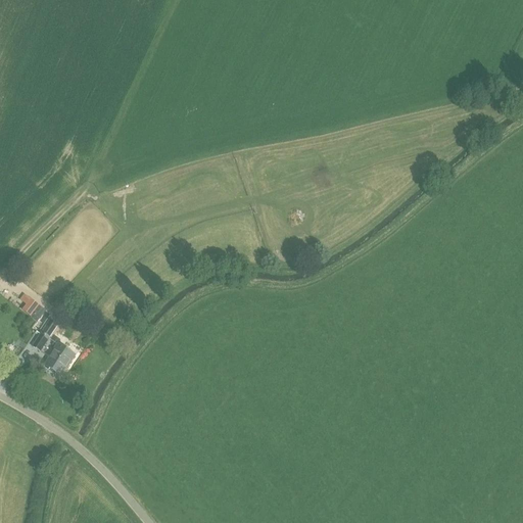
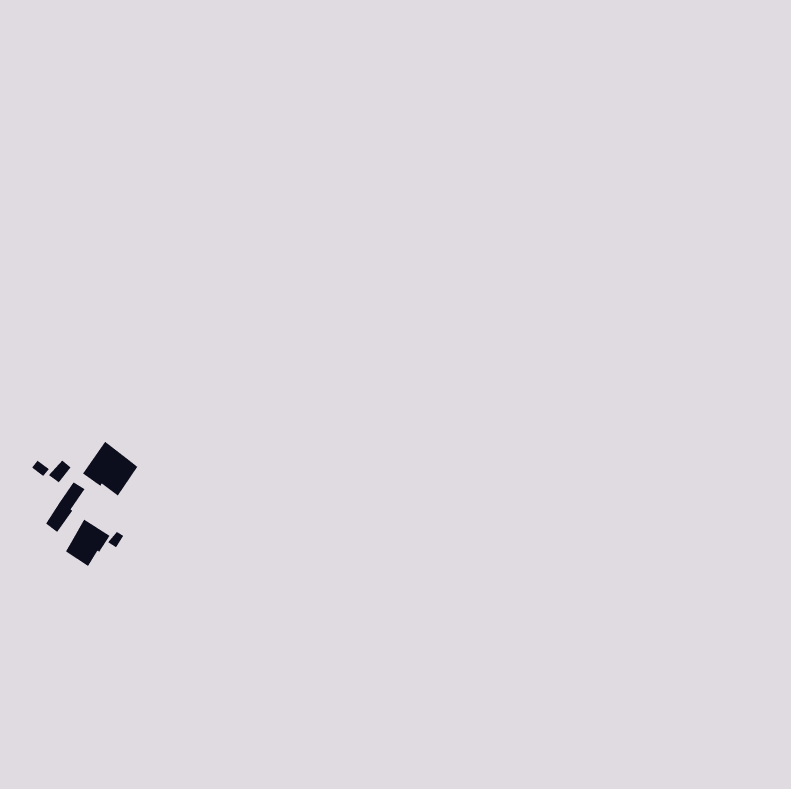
building: none -> [82,441,138,496]

